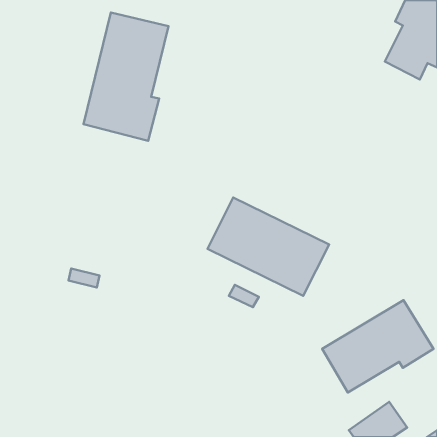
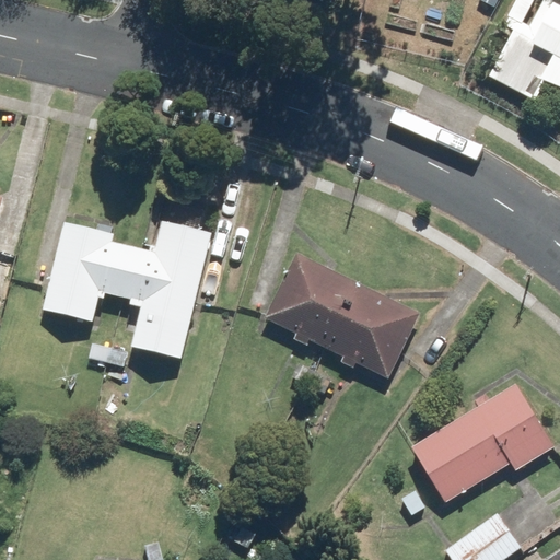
building: [83,13,169,141] -> none
building: none -> [42,221,211,358]

